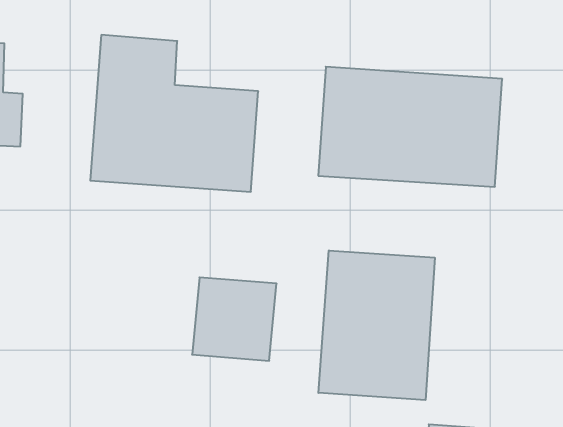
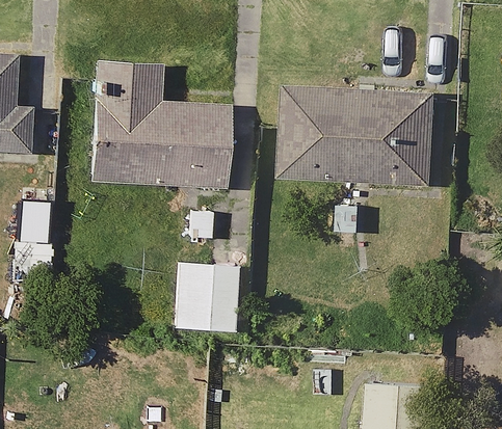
building: [318,250,435,400] -> none

